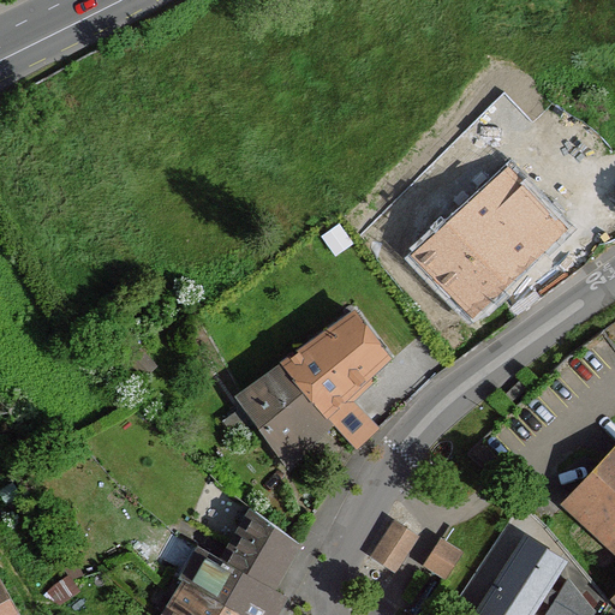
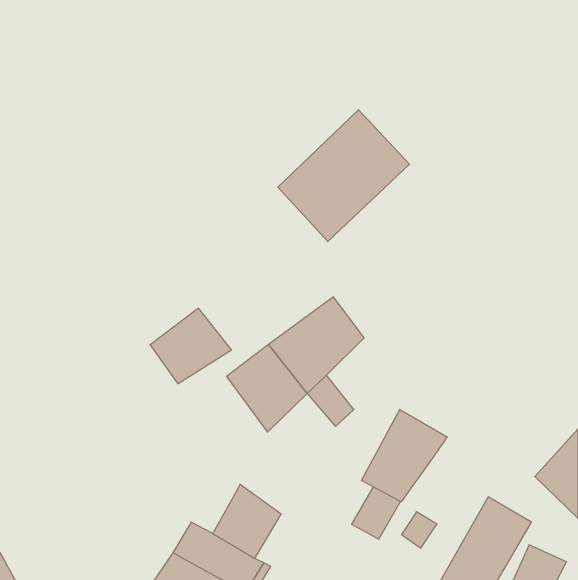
building: [419,174,559,314] -> [278,110,410,242]
building: none -> [150,308,231,384]
building: none -> [362,409,447,502]

